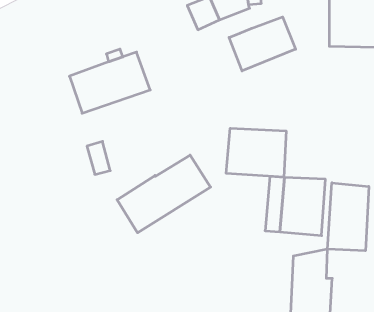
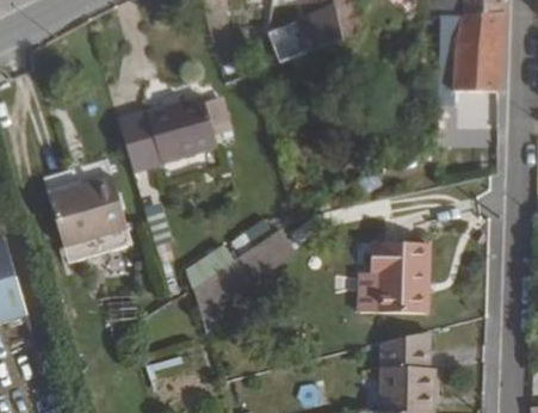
building: [229,17,296,71] -> none
building: none -> [51,174,131,244]
building: [226,128,286,177] -> none
building: [327,183,369,251] -> none

